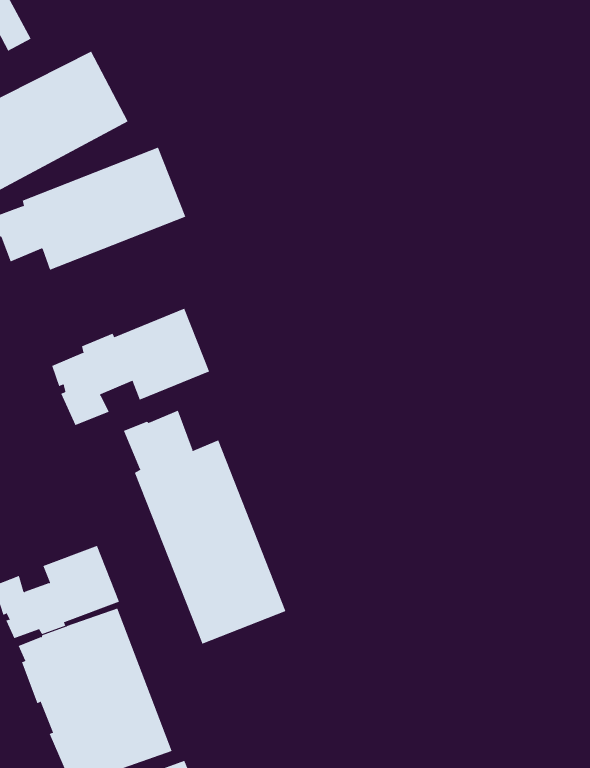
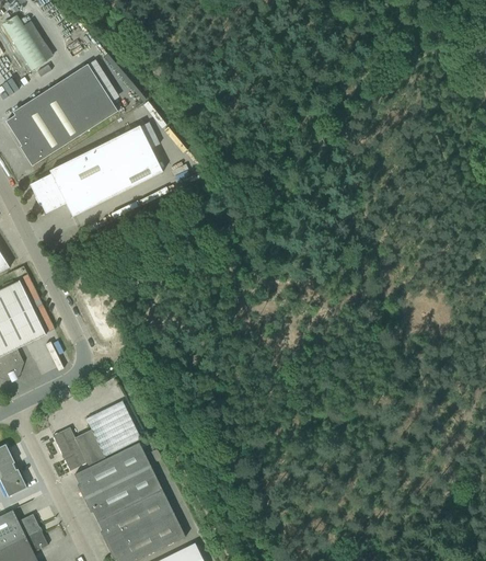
building: [51,308,210,426] -> none
building: [123,410,286,645] -> none

